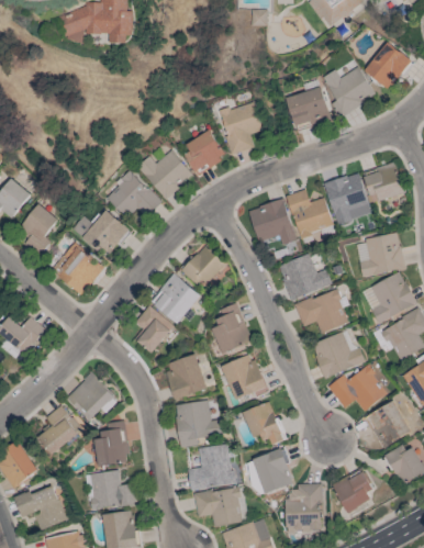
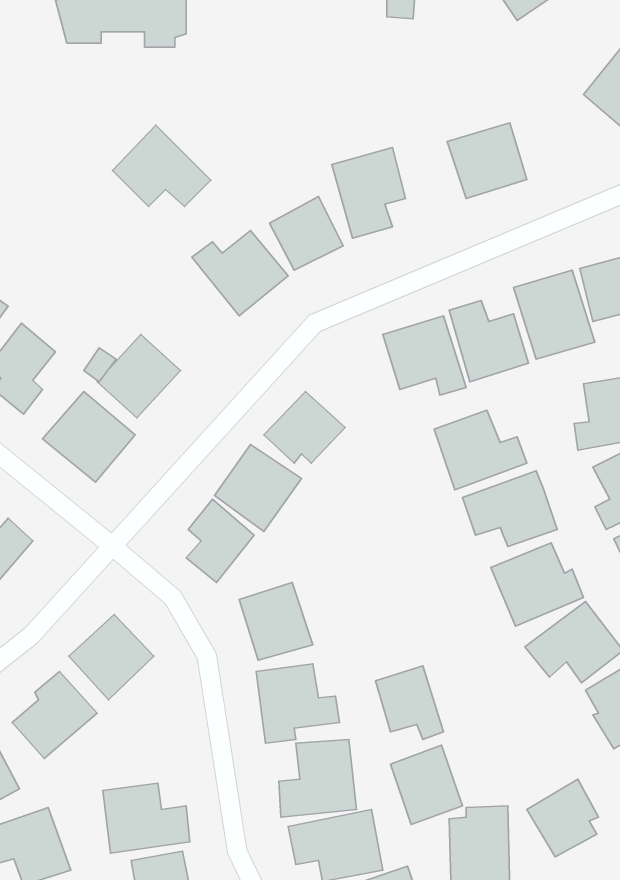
building: [322,66,375,116] -> none
building: [104,170,161,217] -> [112,125,211,207]
building: [210,302,252,354] -> none
building: [223,354,267,400] -> none
building: [96,421,129,465] -> none

